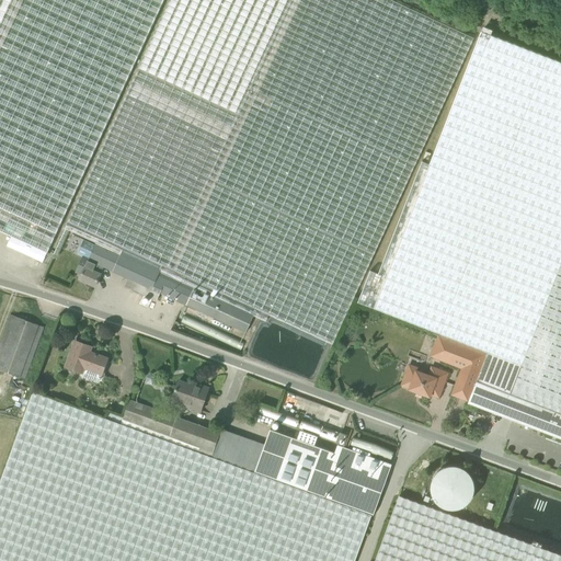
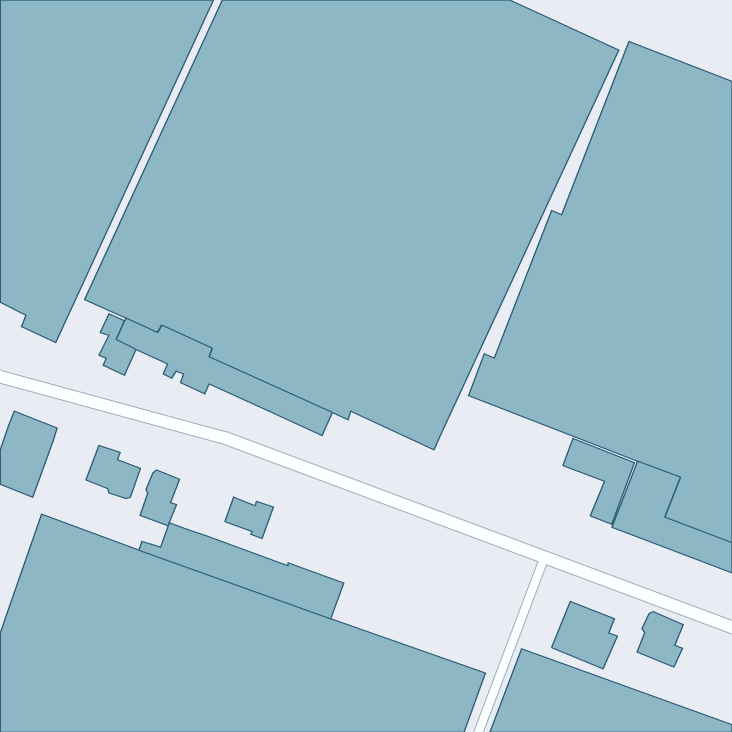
building: none -> [140,470,179,526]
building: [401,368,448,398] -> none
building: [253,433,391,516] -> none
building: none -> [637,612,683,667]

